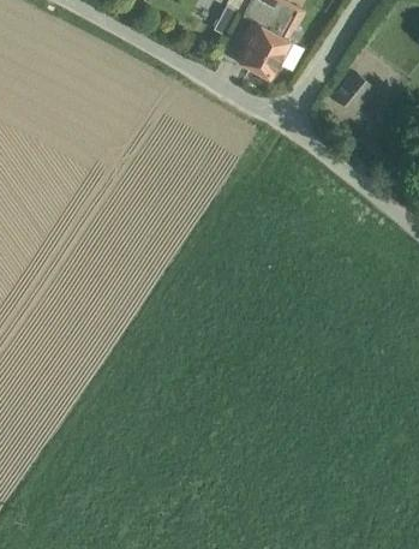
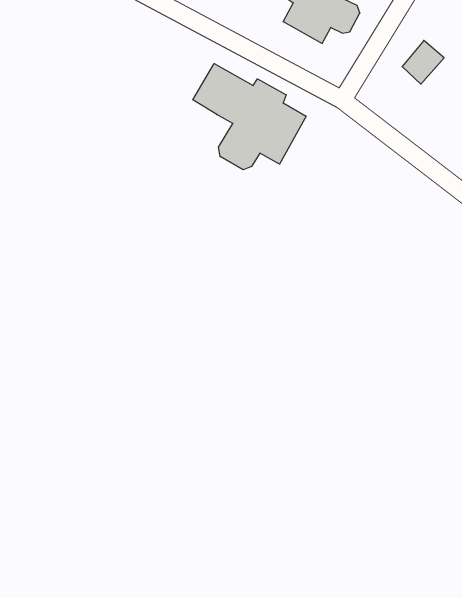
building: none -> [193,64,306,170]

